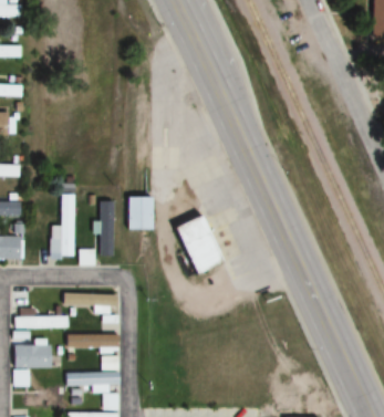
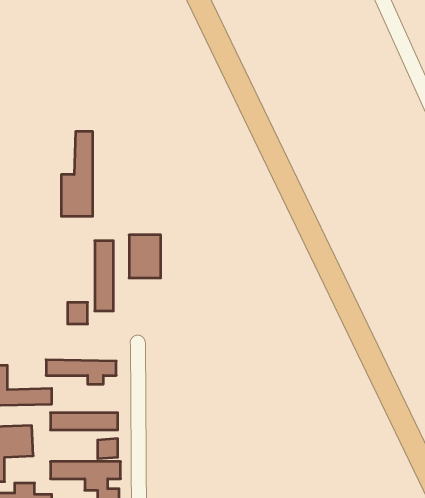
building: [52,192,76,258] -> [61,132,93,216]
building: [174,215,220,275] -> none

